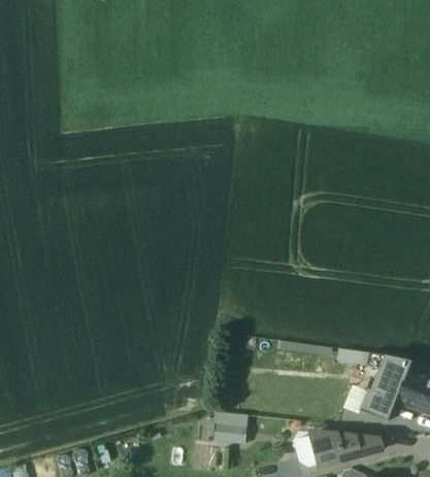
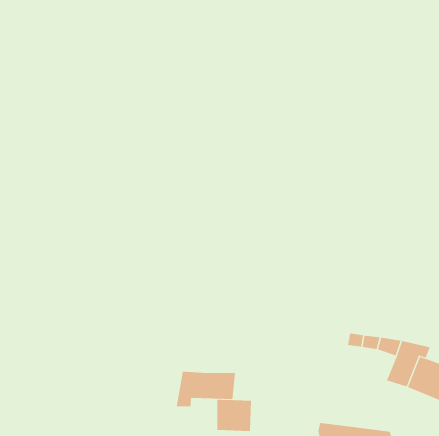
building: none -> [176,371,235,407]
building: [355,388,394,419] -> none

